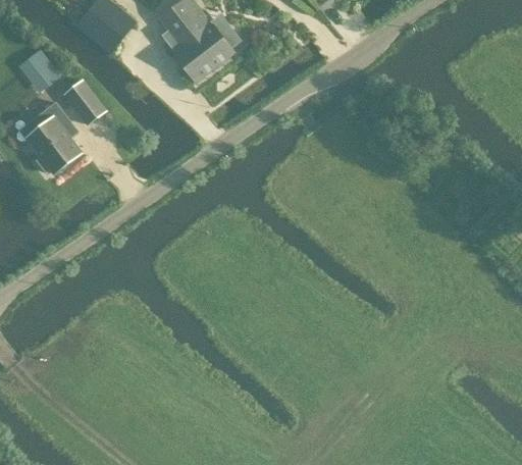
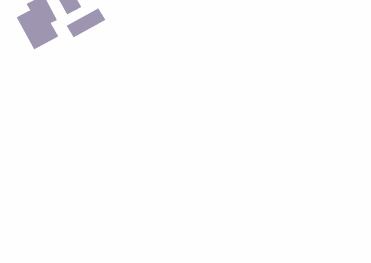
building: none -> [66,7,106,38]

